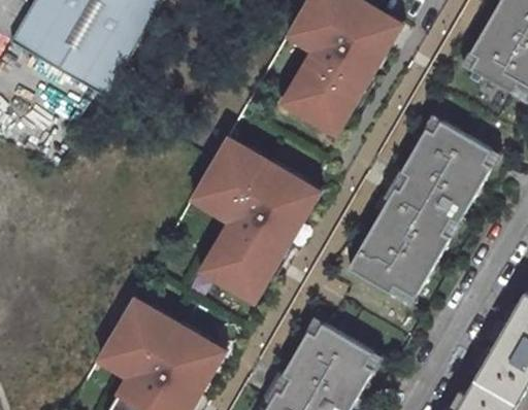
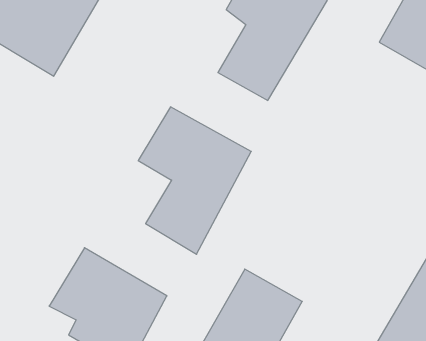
building: [348,118,495,303] -> none

